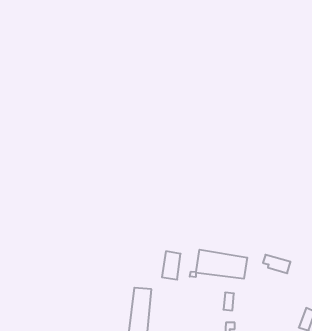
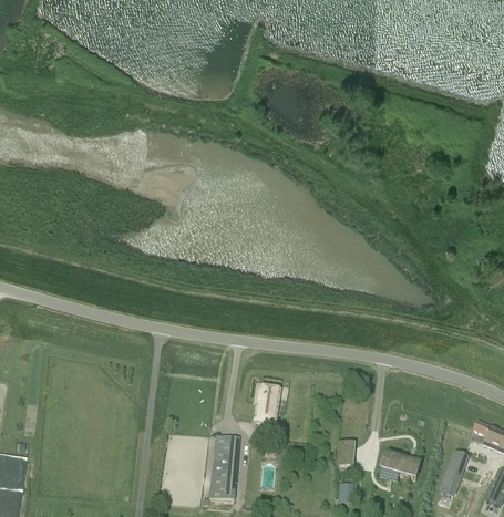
building: [190,250,247,279] -> none
building: [263,255,291,273] -> [382,451,420,476]

